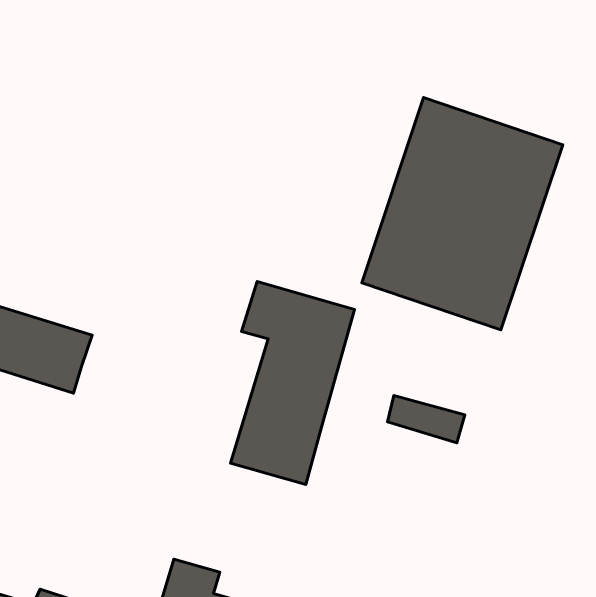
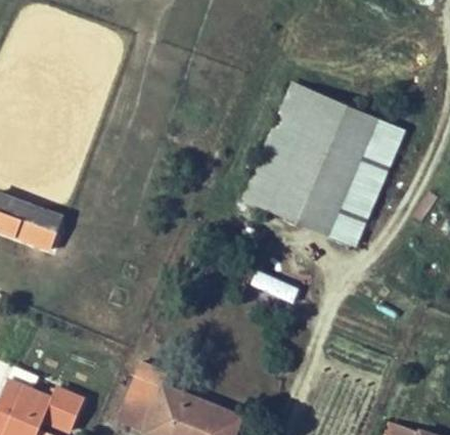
building: [231,281,355,484] -> none

